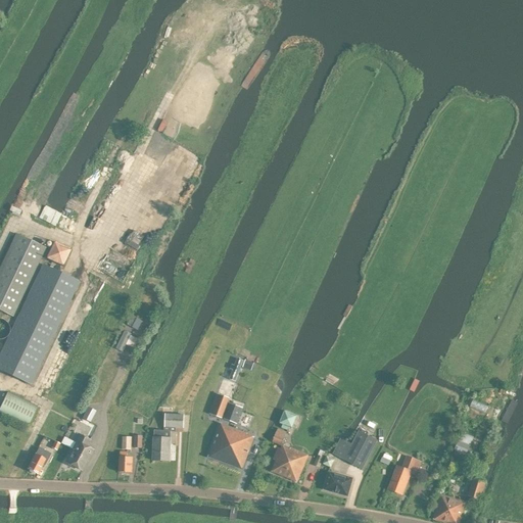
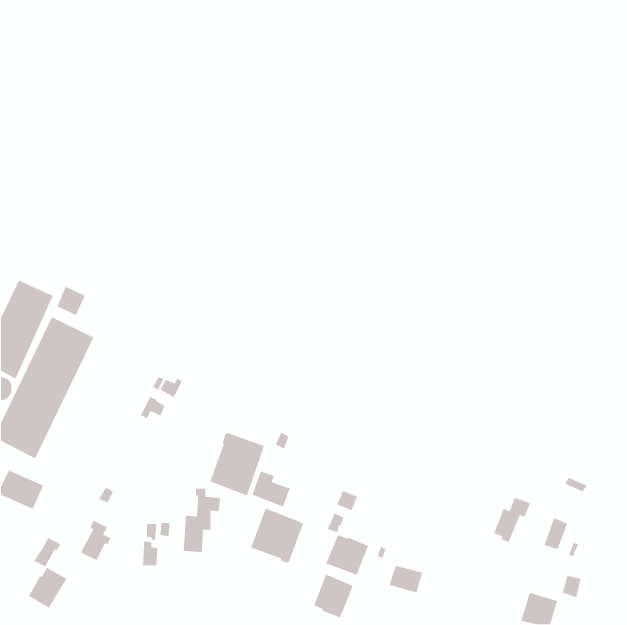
building: none -> [209,432,265,496]
building: [337,430,376,468] -> none
building: [388,456,420,494] -> [493,497,531,543]
building: none -> [28,567,68,609]
building: none -> [313,574,354,618]

